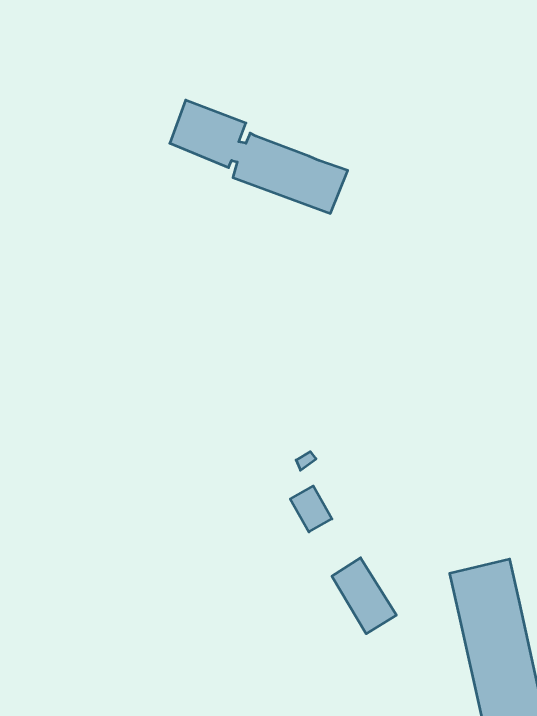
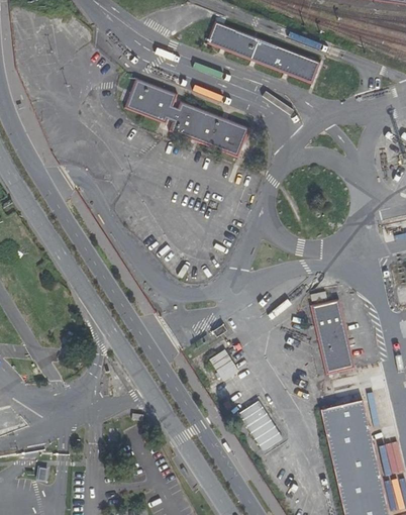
building: none -> [206,20,320,83]
building: none -> [310,298,356,375]

